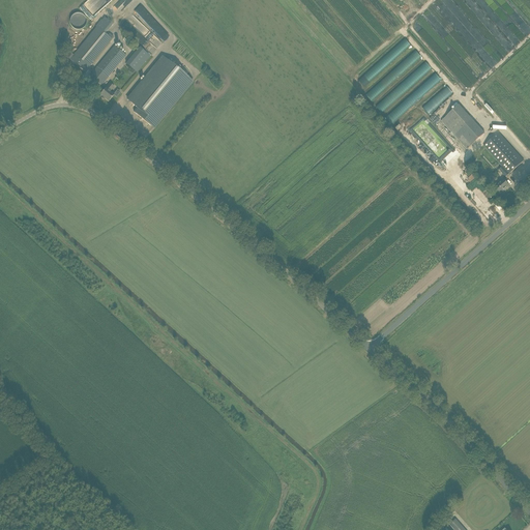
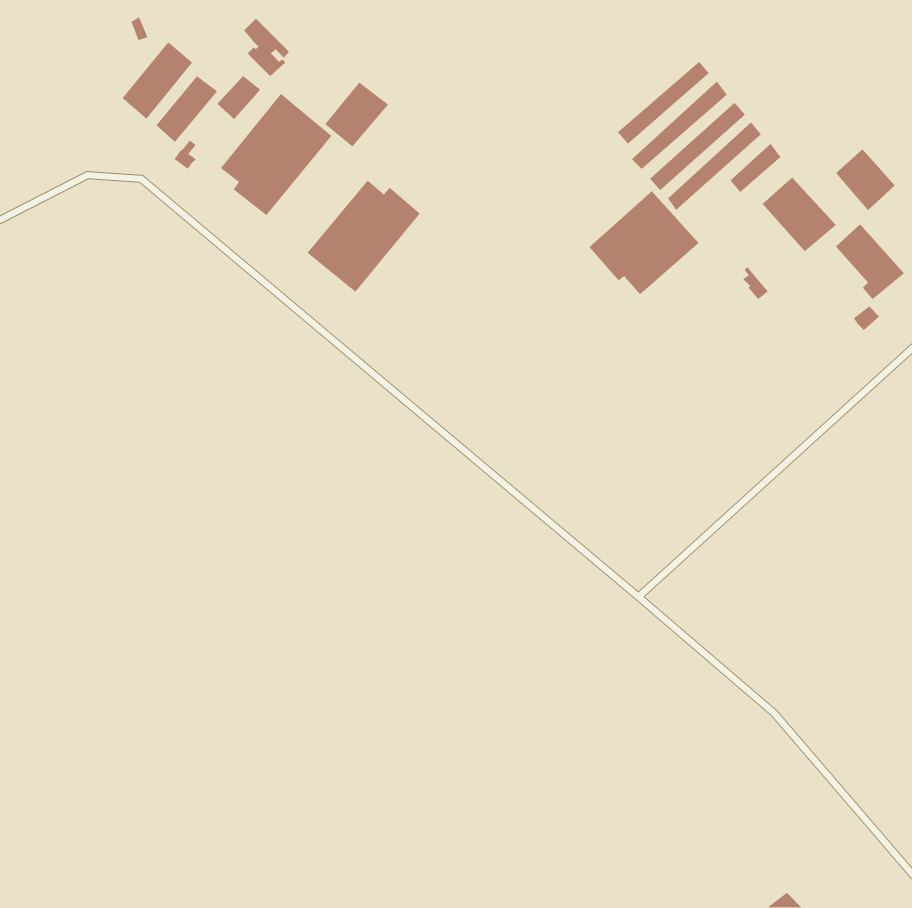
building: none -> [324,81,389,147]
building: none -> [835,149,895,211]
building: none -> [306,180,421,293]
building: none -> [589,190,699,295]

